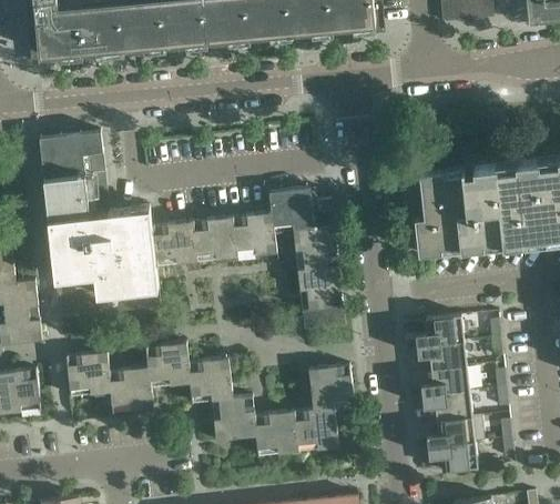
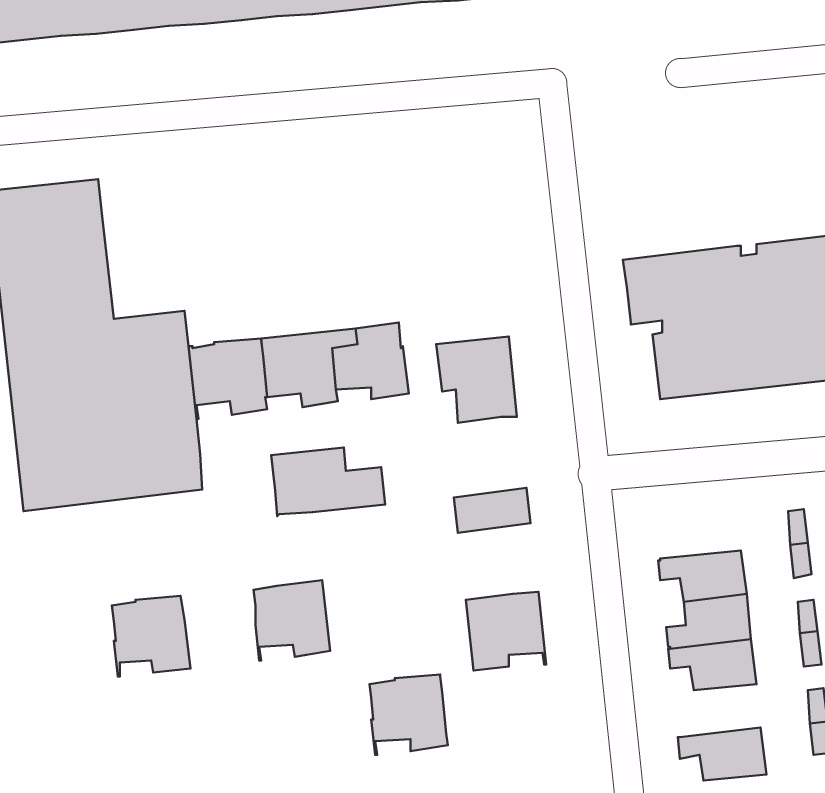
building: [268,189,333,228] -> [271,447,385,516]
building: [297,266,343,312] -> none
building: [416,315,464,346] -> none
building: [145,343,190,386] -> none
building: [65,352,111,397] -> none
building: [213,396,256,442] -> none
building: [294,407,338,451] -> none
building: [427,417,475,447] -> none

